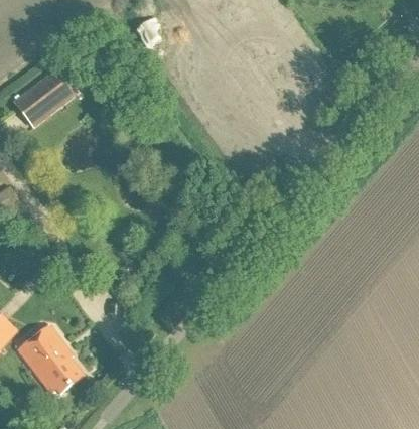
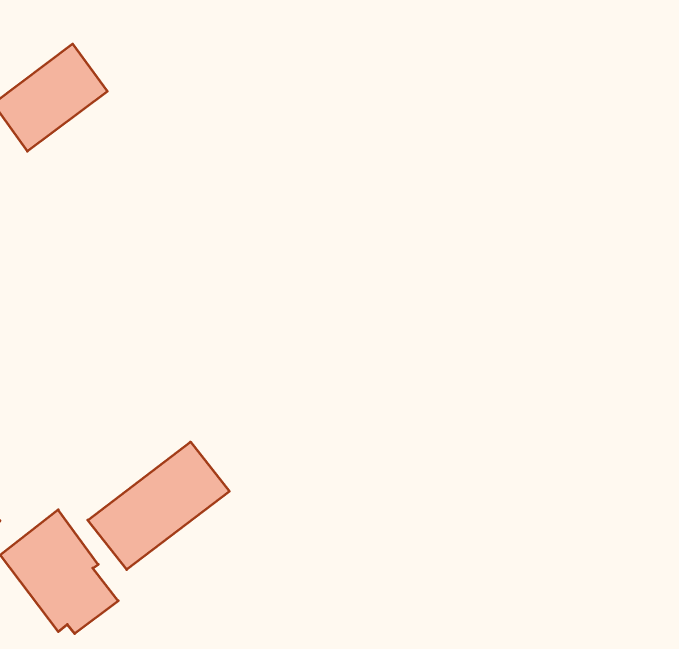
building: none -> [88,442,229,570]

